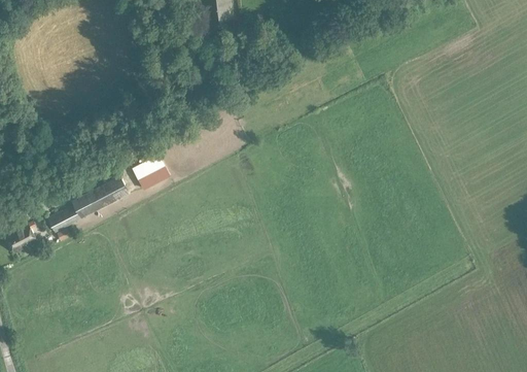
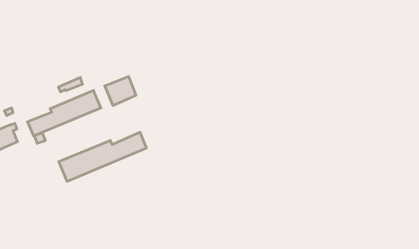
building: none -> [59,132,146,181]

